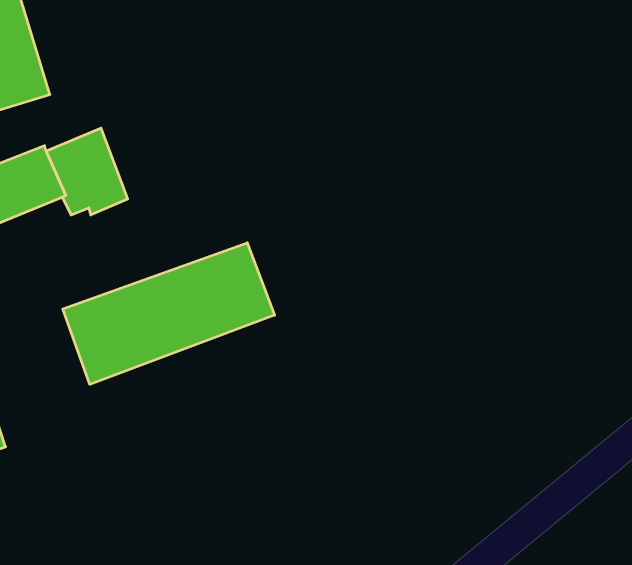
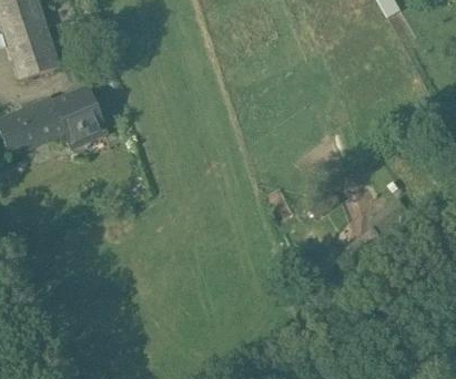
building: [63,243,275,384] -> none

